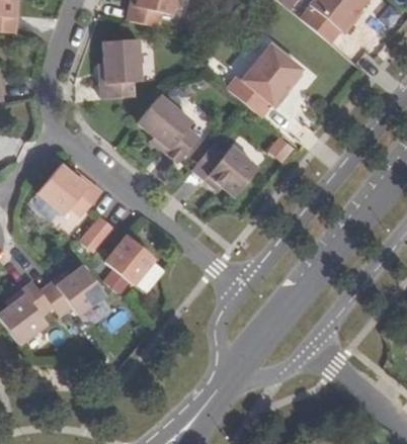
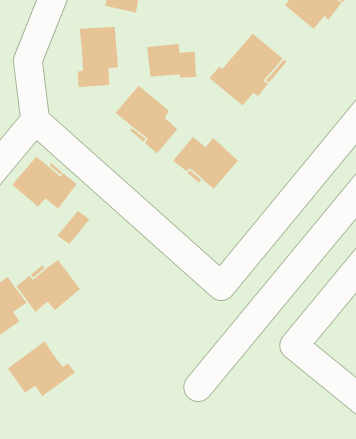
building: none -> [146,43,197,79]
building: [104,235,155,284] -> none
building: none -> [7,340,76,397]

